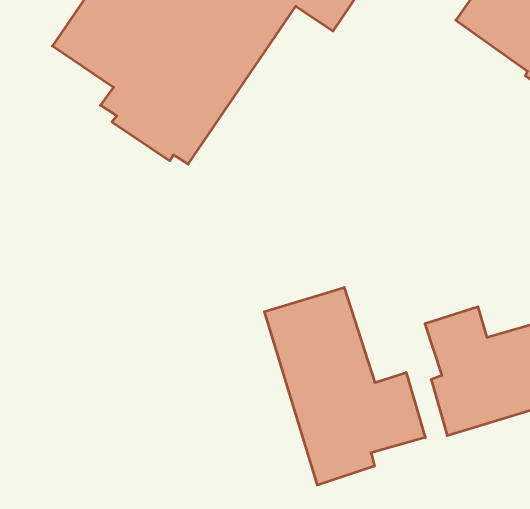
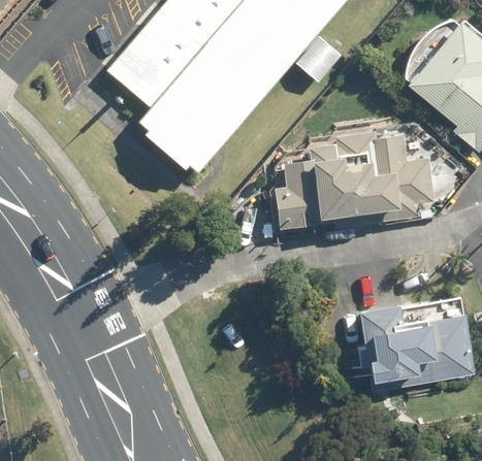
building: none -> [277,130,438,229]
building: [264,287,425,485] -> none

